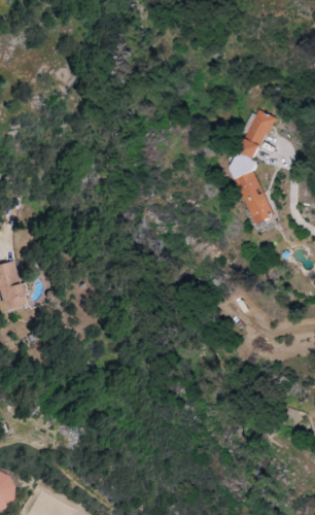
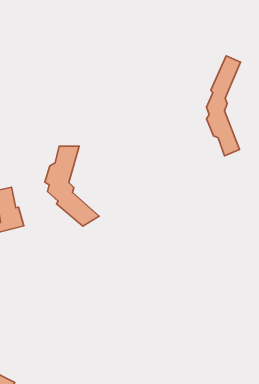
building: none -> [45,146,99,226]

